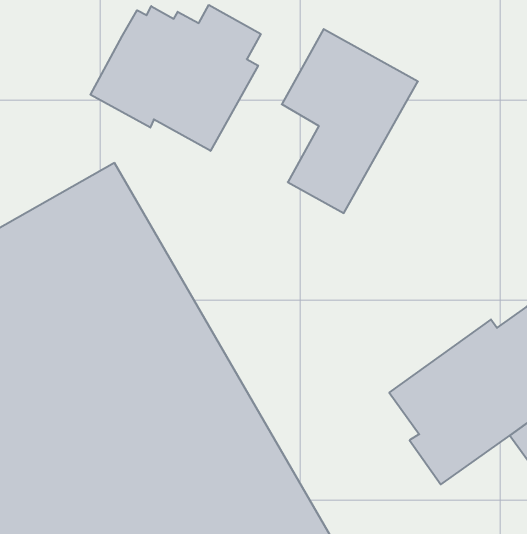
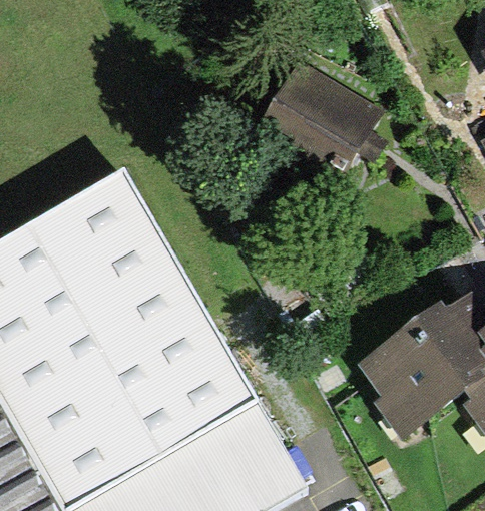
building: [90,5,261,151] -> none

